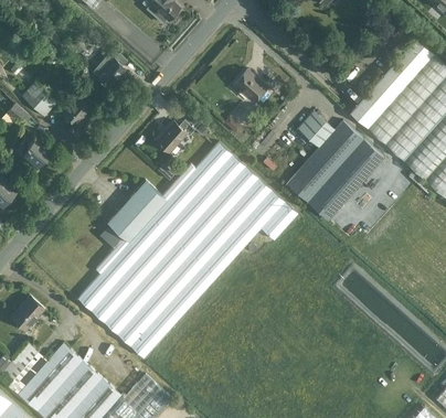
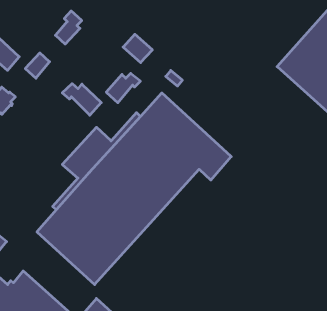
building: [235,71,268,103] -> [123,34,152,63]
building: [286,111,384,223] -> none
building: none -> [62,84,101,115]

